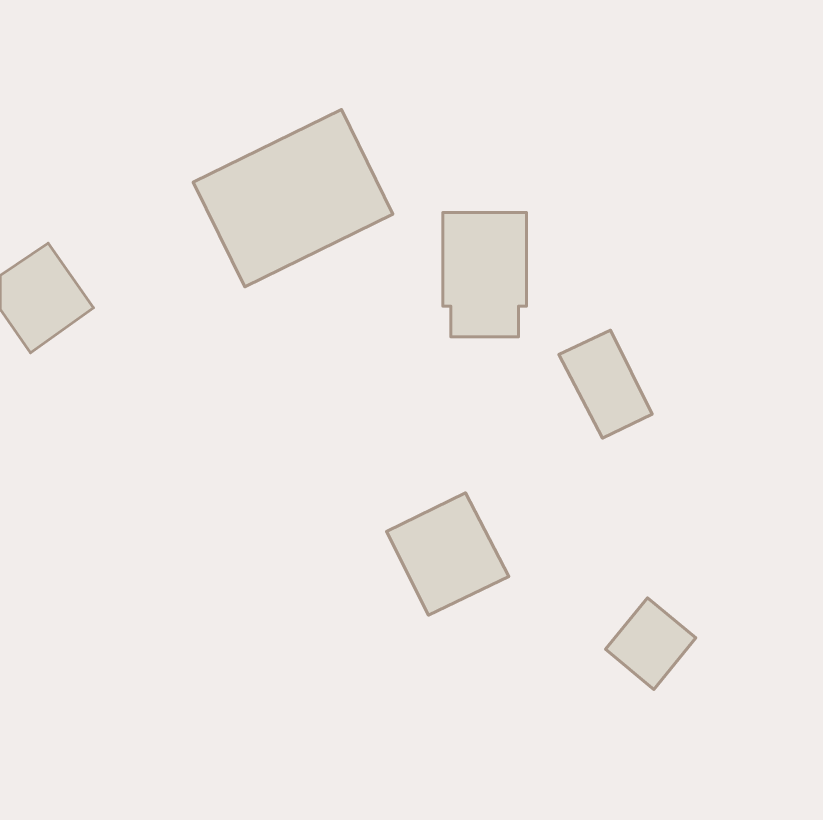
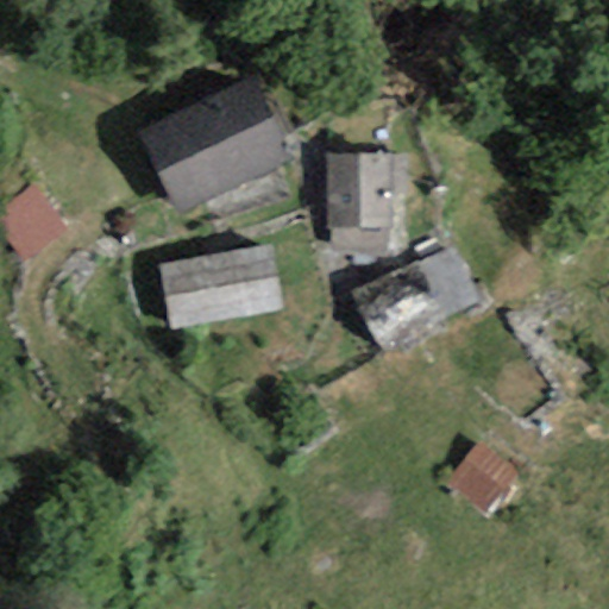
building: none -> [158,244,282,327]
building: [387,493,509,615] -> [354,262,445,352]

